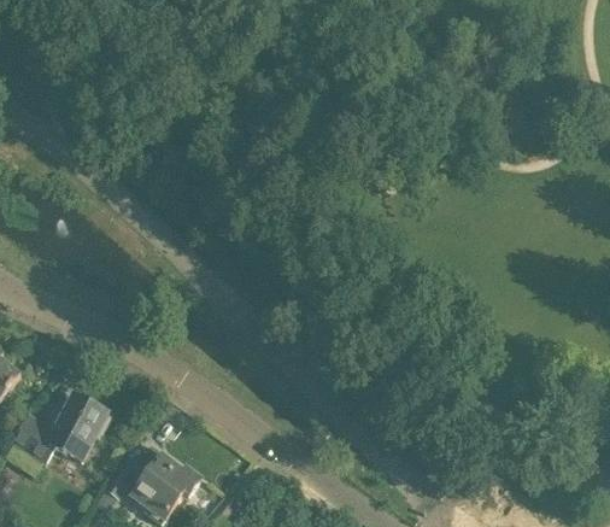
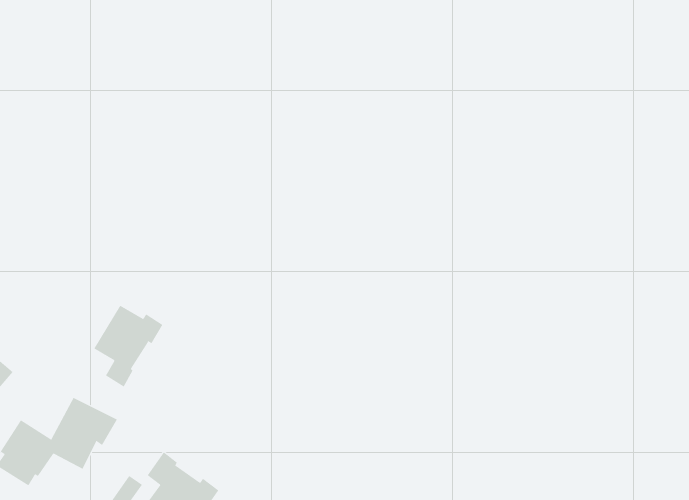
building: none -> [94,305,163,388]

